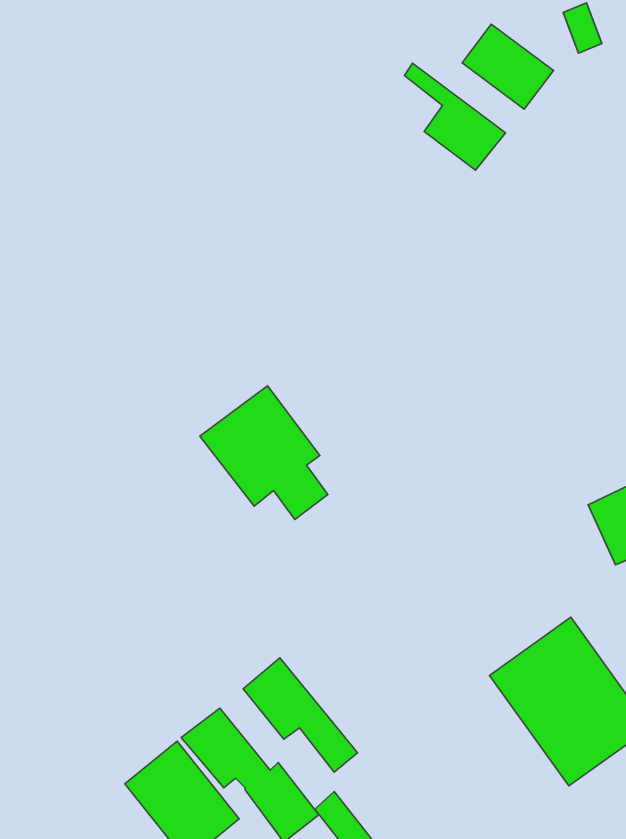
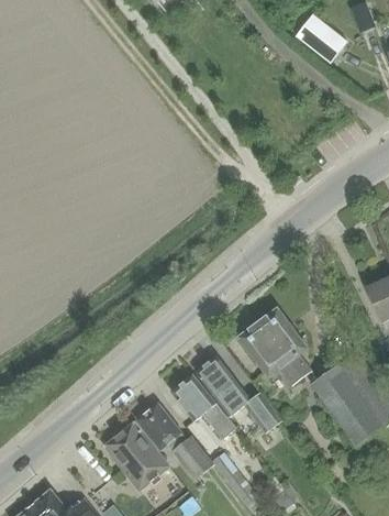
building: [405,63,506,170] -> none
building: [200,386,328,520] -> [237,308,310,384]
building: none -> [194,355,282,431]

